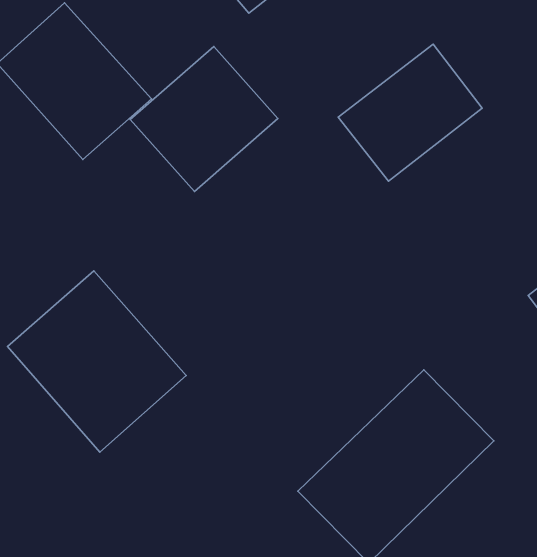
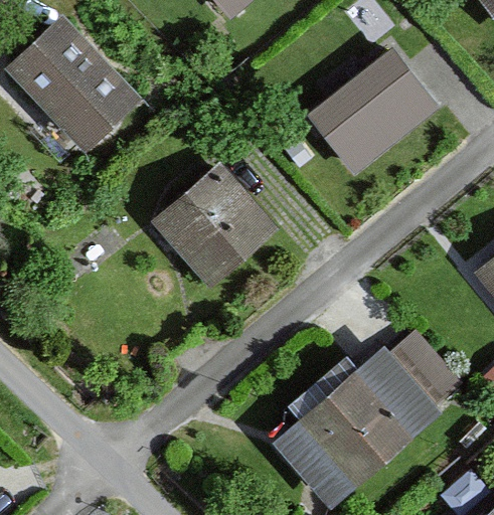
building: [130,46,278,192] -> [149,160,279,288]
building: [8,271,186,452] -> none

